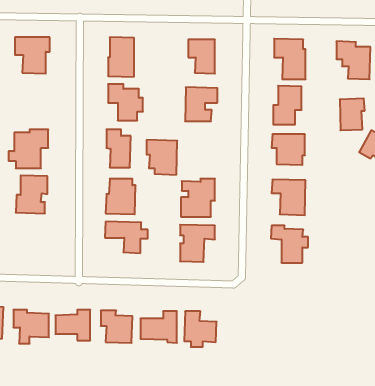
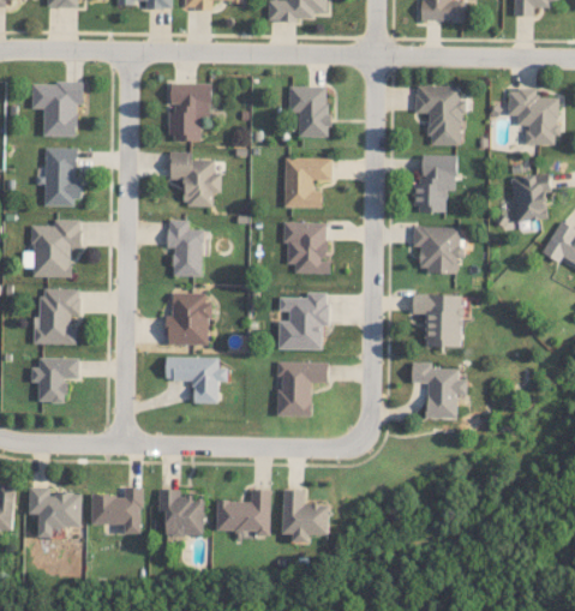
building: none -> [43,148,79,206]
building: [147,140,177,175] -> [282,222,328,274]
building: none -> [30,358,79,402]

